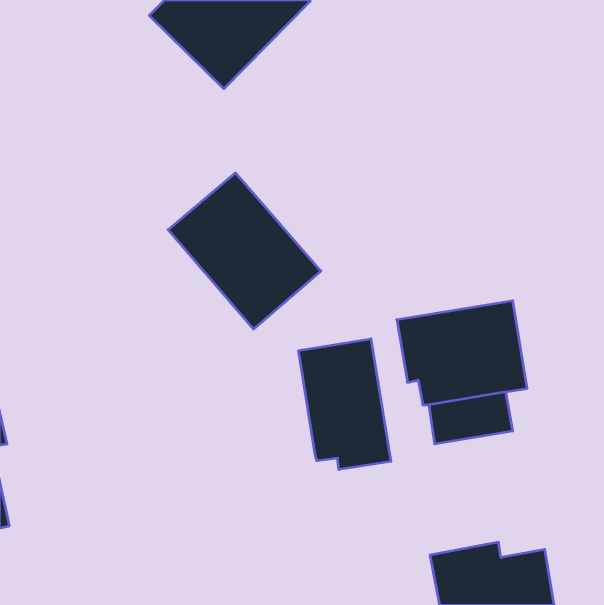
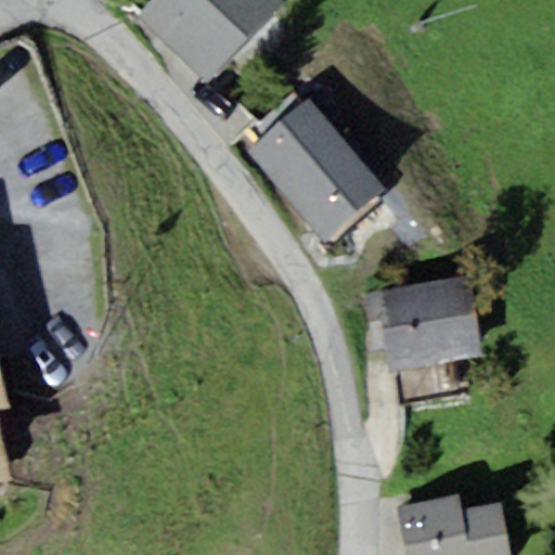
building: [168,173,321,329] -> [246,98,386,241]
building: [299,339,391,470] -> none

